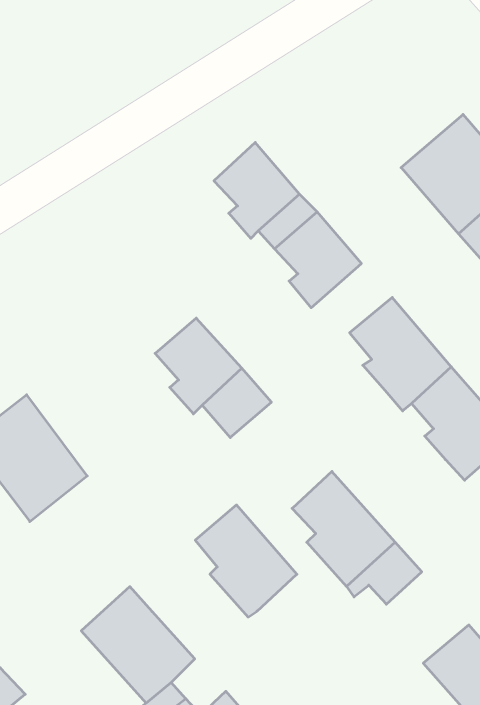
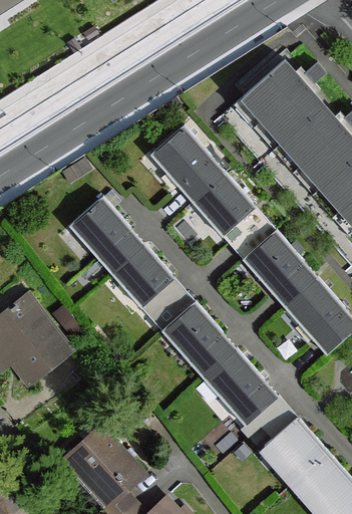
building: none -> [242,61,324,143]
building: none -> [73,198,142,274]
building: none -> [221,208,276,260]
building: [195,505,297,617] -> [165,302,235,378]
building: none -> [262,418,328,480]

